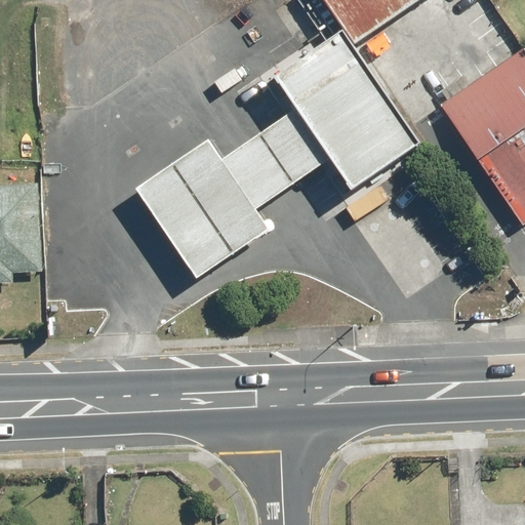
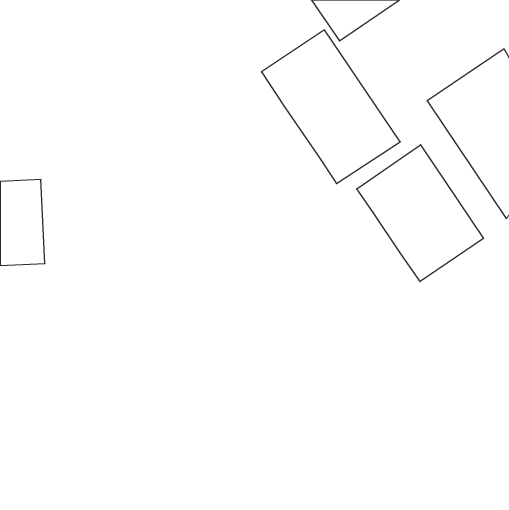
building: [139,110,327,277] -> none
building: none -> [357,145,483,282]

